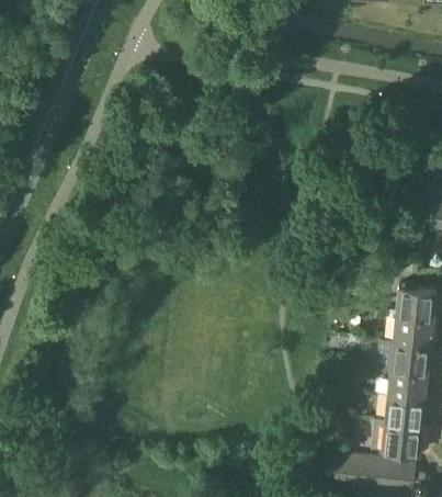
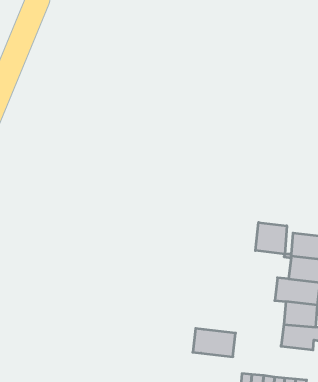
building: none -> [255,222,287,254]
building: [372,422,423,456] -> [193,328,236,357]

